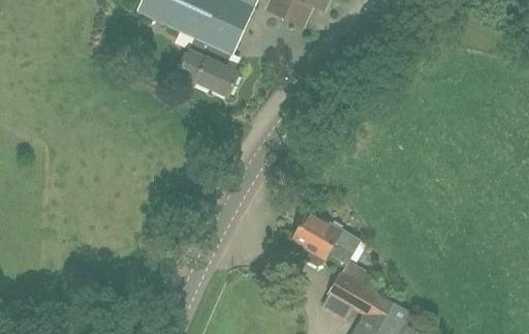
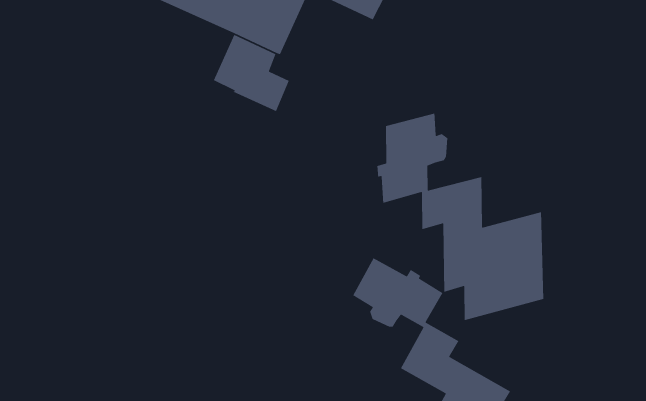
building: none -> [377,113,544,321]

